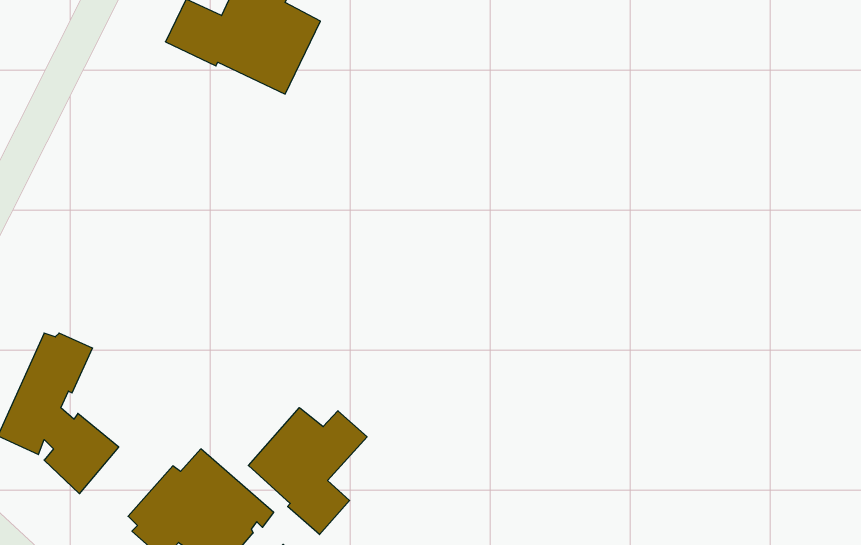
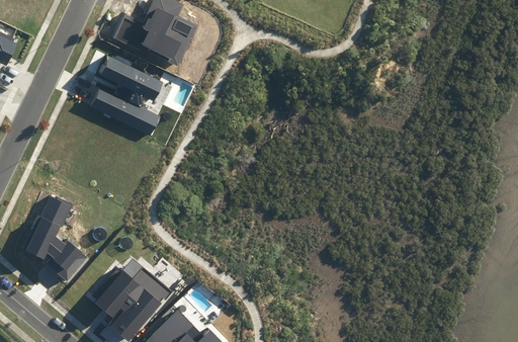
building: none -> [91,56,164,134]
building: [248,408,367,535] -> none

